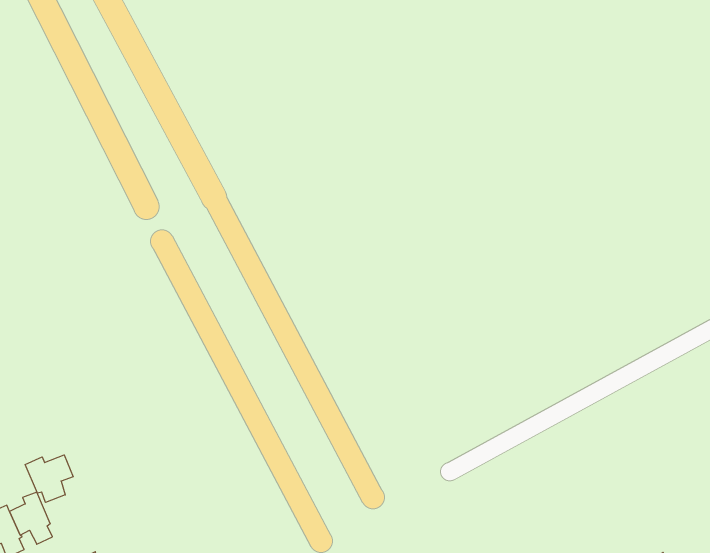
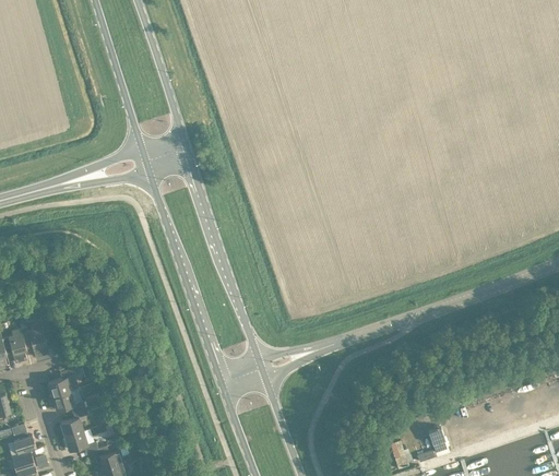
building: [25,455,73,502] -> none

